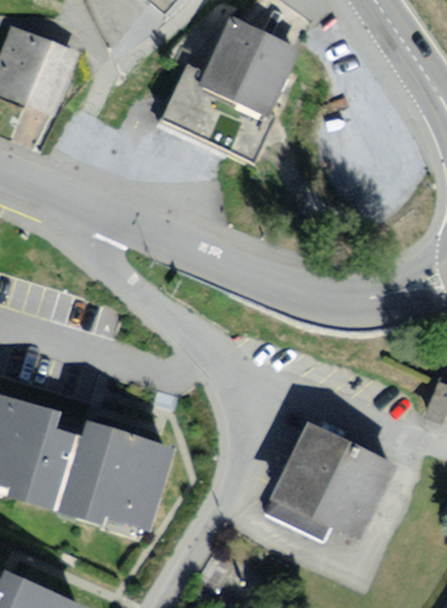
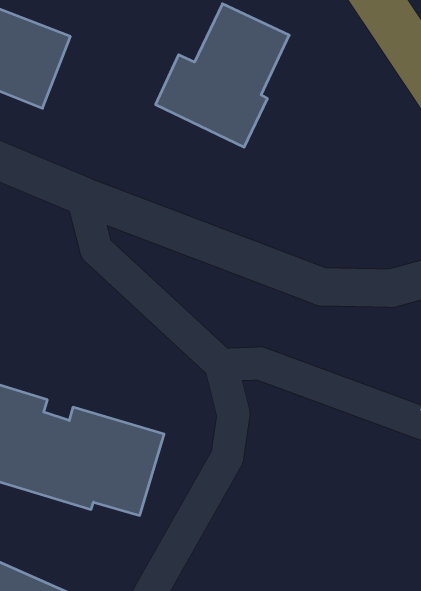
building: [264,429,391,550] -> none

